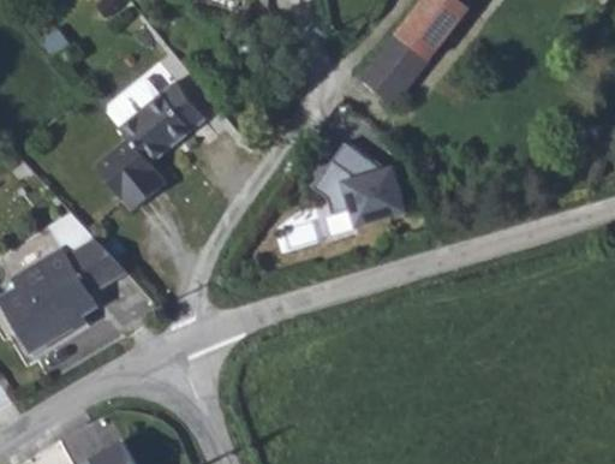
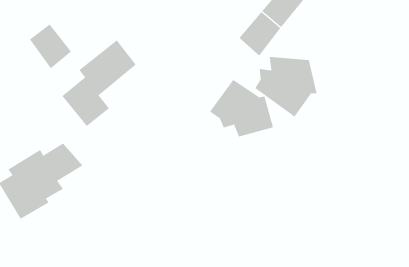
building: none -> [29,23,72,69]
building: none -> [255,56,317,117]

